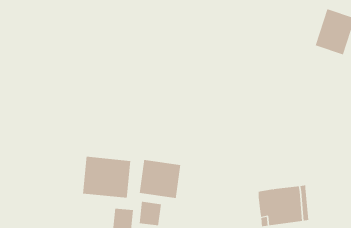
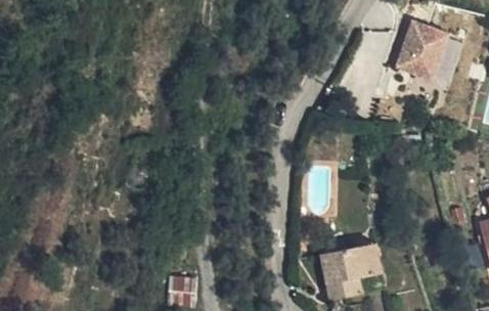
building: [83,156,131,199] -> none
building: [139,159,181,199] -> none

